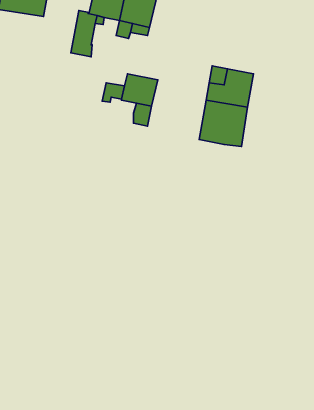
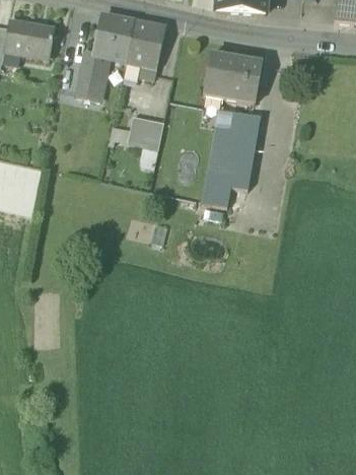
building: none -> [204,54,262,103]
building: none -> [202,182,231,206]

